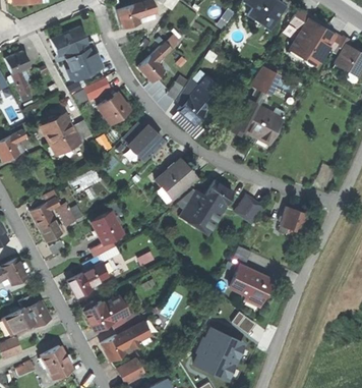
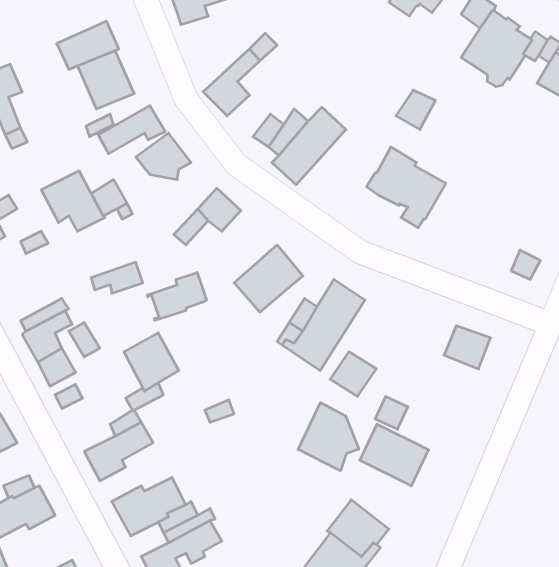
building: none -> [148,272,206,320]
building: [235,196,262,222] -> [330,352,376,396]
building: none -> [298,403,359,471]

